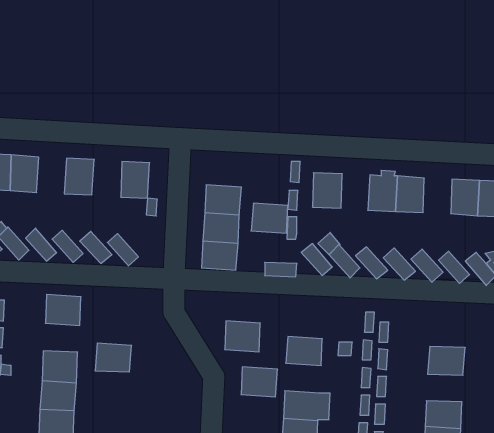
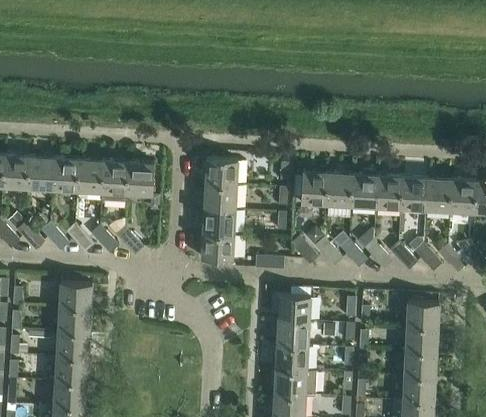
building: none -> [51,158,78,191]
building: none -> [101,160,128,203]
building: none -> [326,173,352,206]
building: none -> [400,177,426,209]
building: [251,203,288,233] -> [204,158,237,185]
building: none -> [406,301,439,330]
building: [225,321,260,352] -> [278,294,310,322]
building: [95,343,132,372] -> [57,308,90,334]
building: [241,367,278,397] -> [275,344,308,371]
building: none -> [403,354,436,379]

